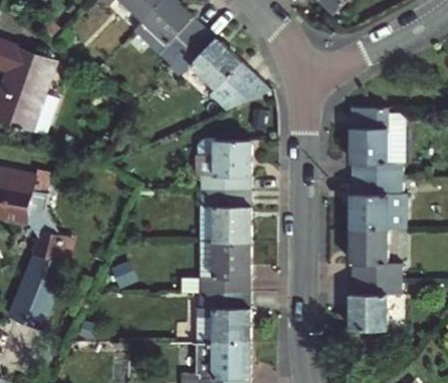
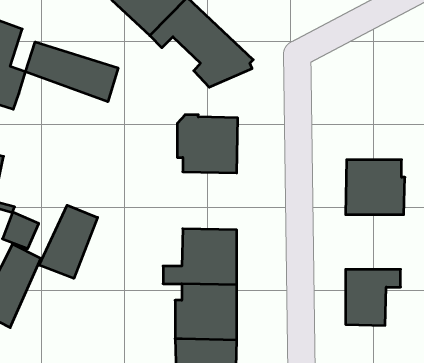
building: none -> [26,42,118,102]
building: [350,107,405,179] -> none
building: [200,190,249,244] -> none
building: none -> [39,205,98,278]
building: [349,230,400,280] -> none

